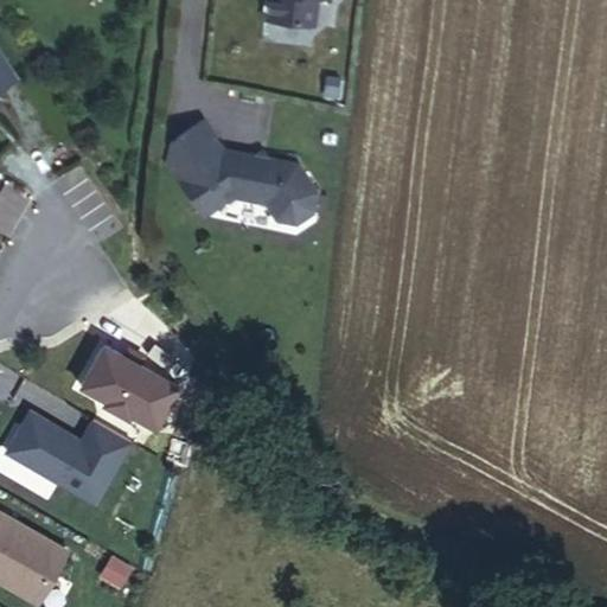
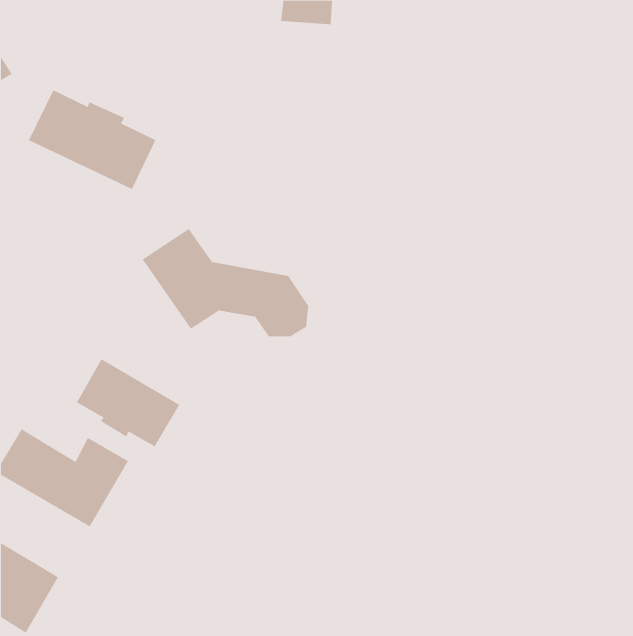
building: none -> [28,90,156,190]
building: [161,123,320,226] -> [142,228,309,337]

